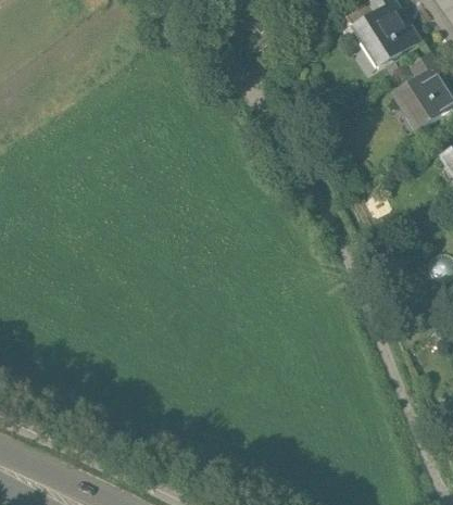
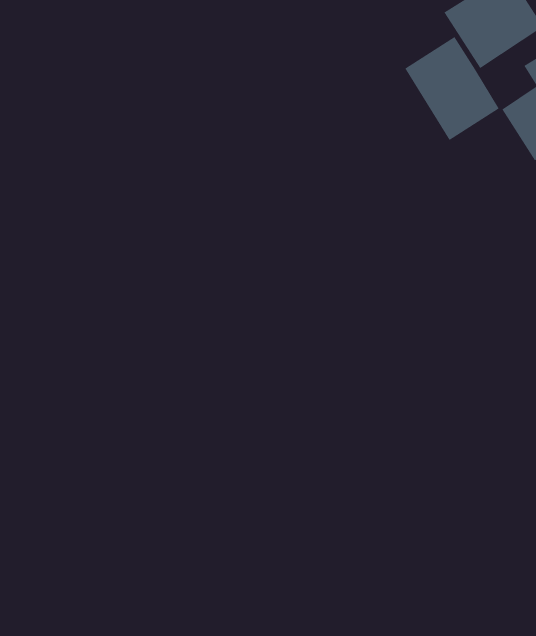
building: none -> [405,36,499,141]

